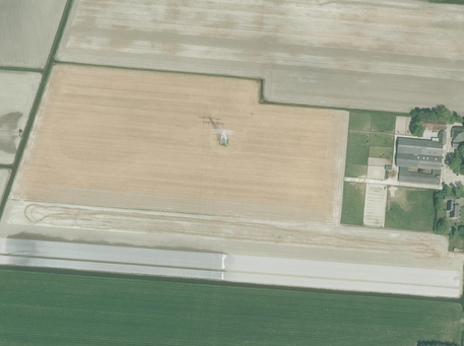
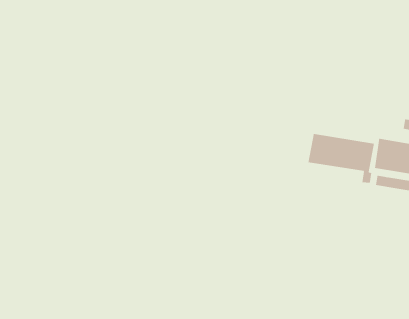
building: none -> [308,133,374,184]

